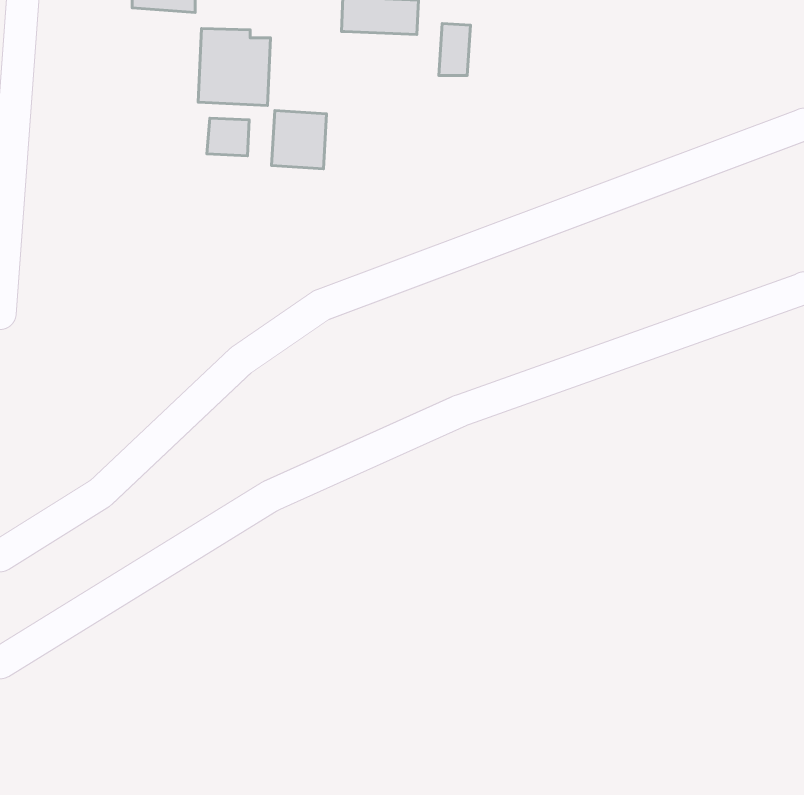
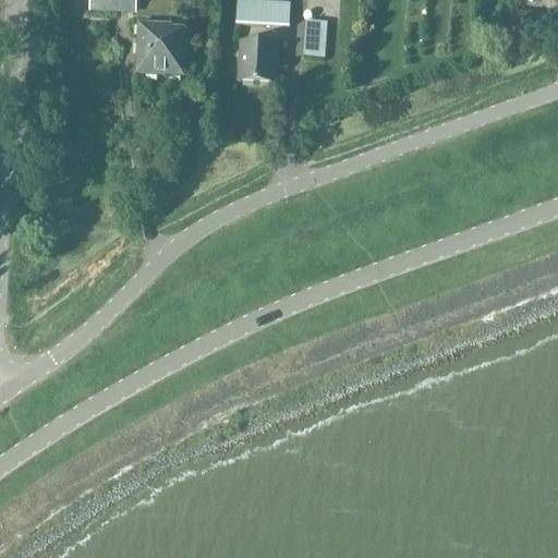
building: [272,111,327,169] -> [239,39,277,80]
building: [207,118,249,156] -> none

